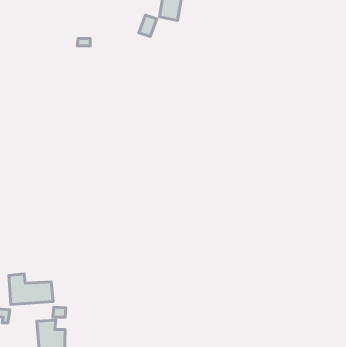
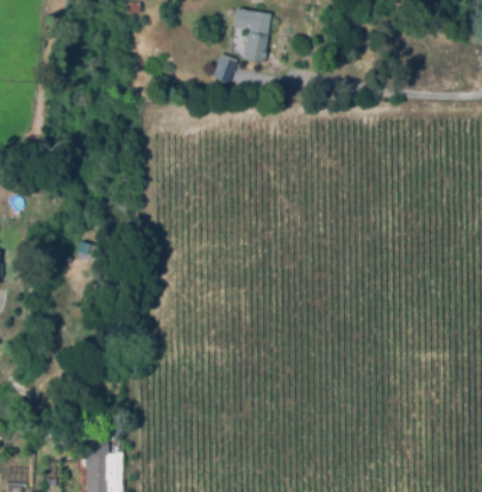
building: [9,274,53,304] -> none

